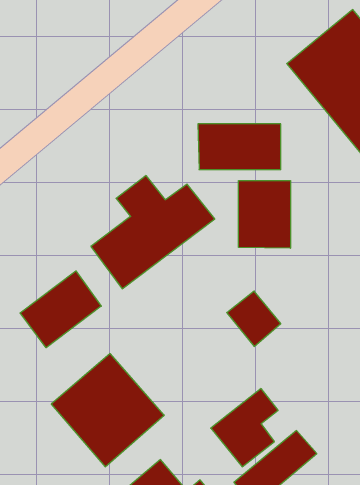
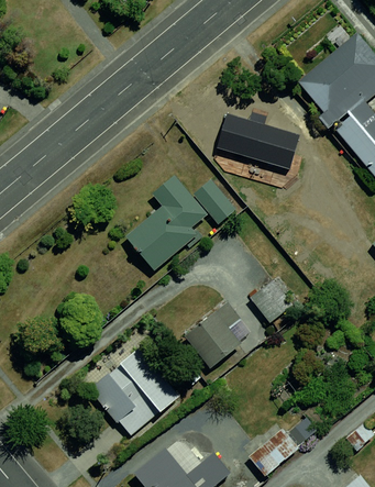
building: [239,181,290,248] -> none
building: [20,271,101,348] -> none
building: [211,389,278,467] -> [180,305,242,376]

